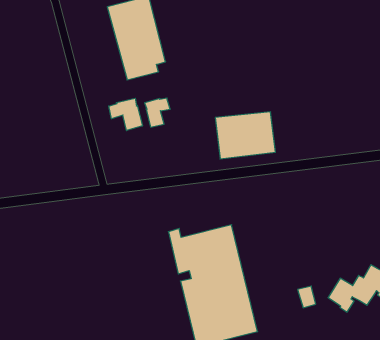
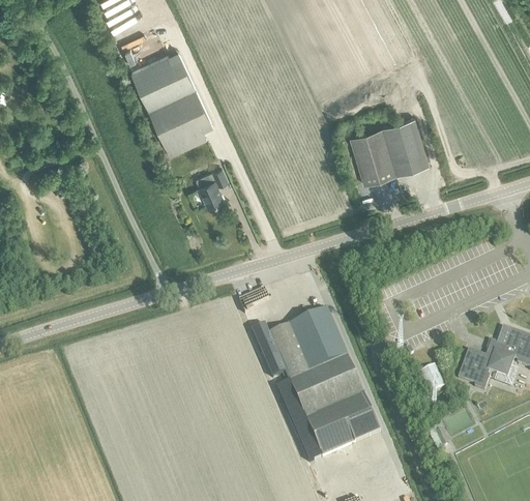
building: [109,98,142,131] -> none
building: [215,112,275,159] -> [349,117,429,184]

